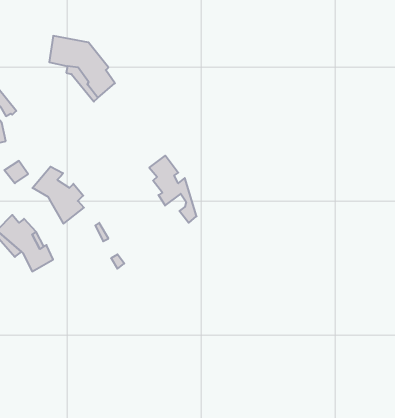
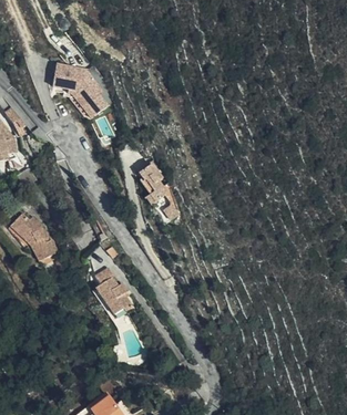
building: [32,167,84,224] -> none
building: none -> [94,267,132,318]

